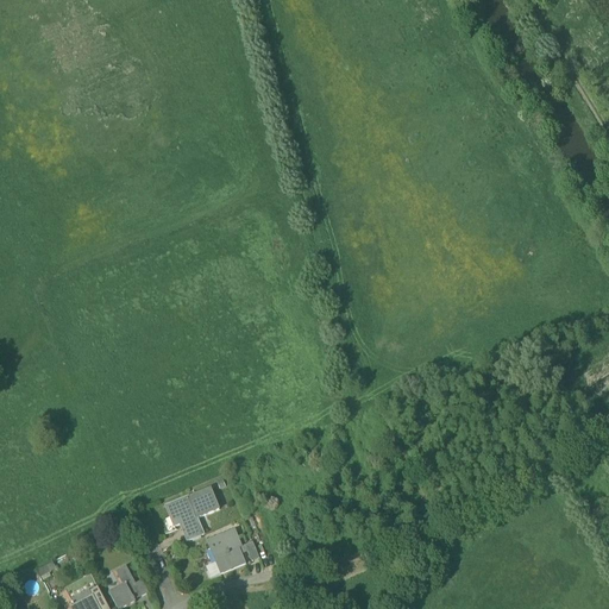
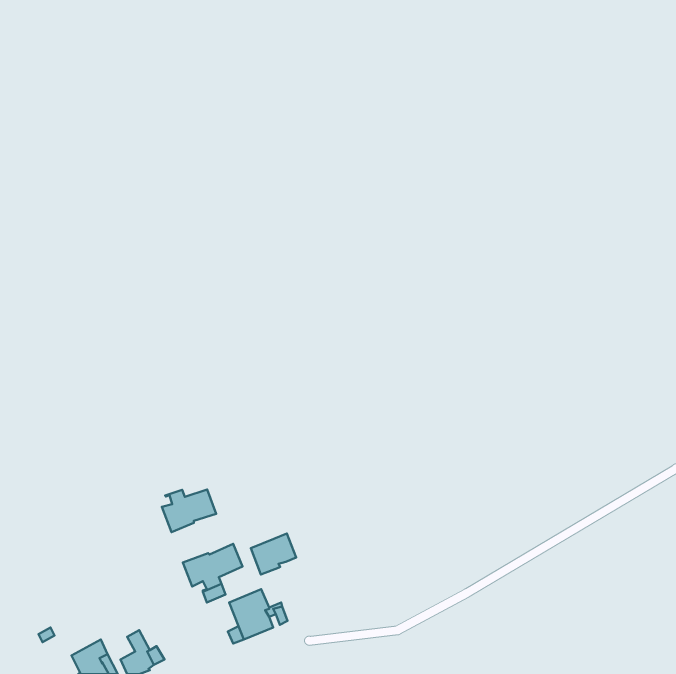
building: none -> [162,489,216,532]
building: none -> [251,534,296,574]

